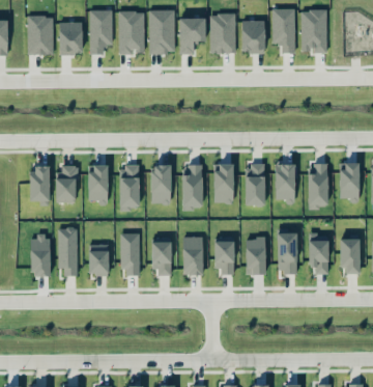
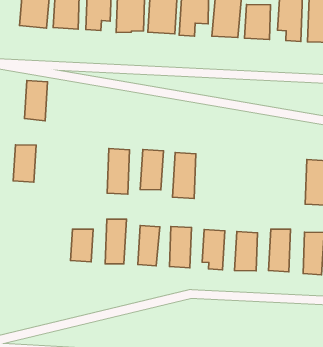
building: [213,164,234,203] -> none
building: [276,164,295,204] -> none
building: [57,165,77,202] -> [25,80,48,121]
building: [88,165,109,203] -> none
building: [245,165,265,205] -> none
building: [58,227,78,276] -> none
building: [31,236,50,276] -> none

